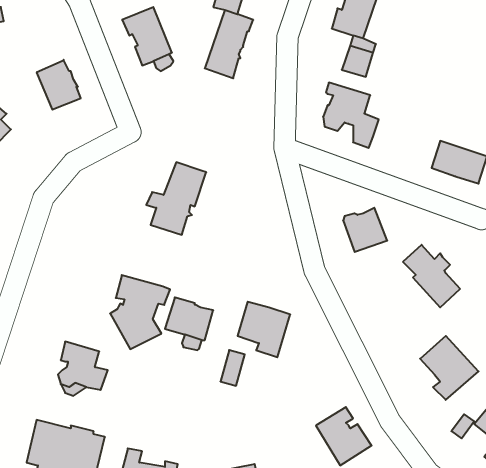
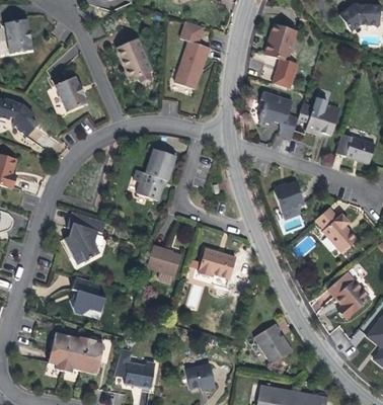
building: none -> [298,97,339,136]
building: [110,275,170,349] -> [63,212,105,264]

